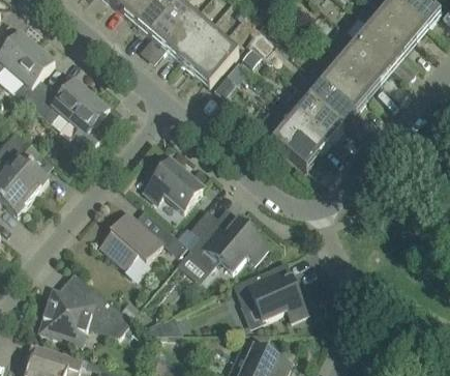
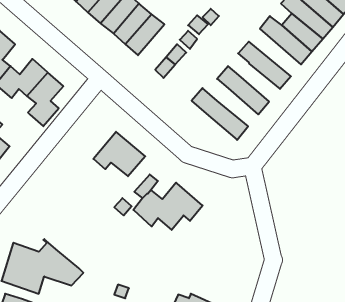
building: [194,38,239,86] -> none
building: [321,44,380,97] -> none
building: [309,83,356,126] -> none
building: [284,111,331,154] -> none
building: [99,210,163,268] -> none
building: [234,271,306,326] -> none

